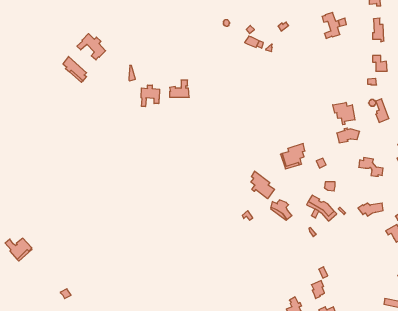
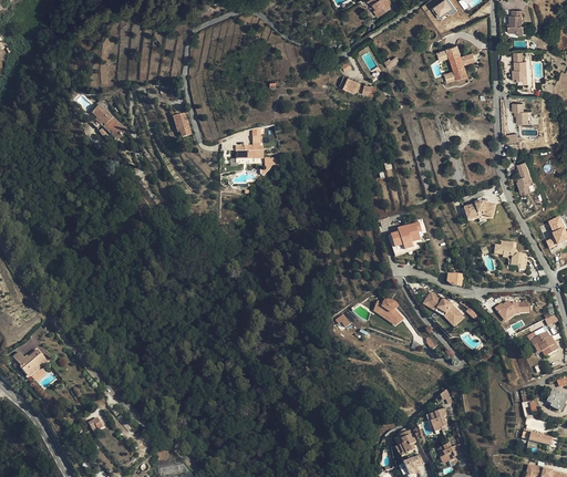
building: [77,34,106,60] -> none
building: [141,85,160,107] -> none
building: [333,102,355,125] -> none
building: [251,171,275,199] -> none

